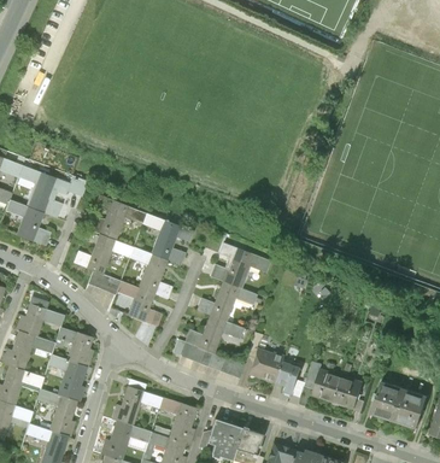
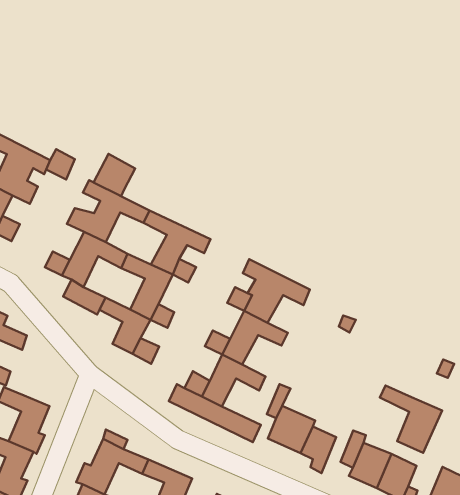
building: none -> [93,154,135,196]
building: none -> [380,385,442,453]
building: [57,327,93,367] -> none

